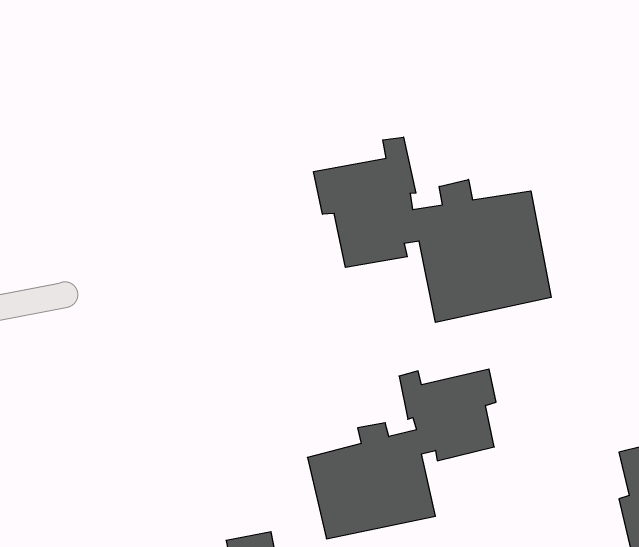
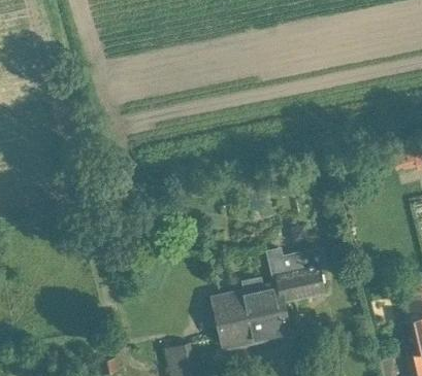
building: [314,137,551,322] -> none

